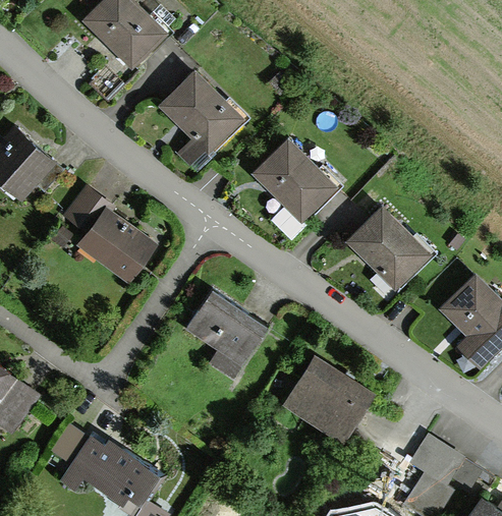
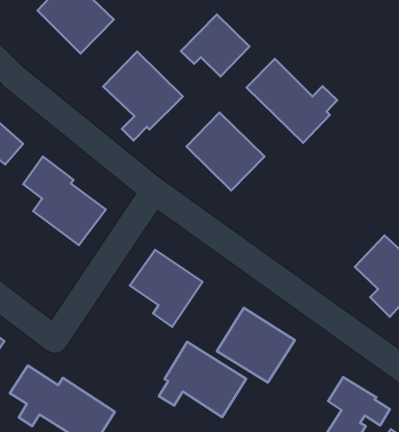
building: none -> [181,15,249,76]
building: none -> [247,59,337,143]
building: [344,204,431,289] -> none
building: none -> [159,342,246,417]

